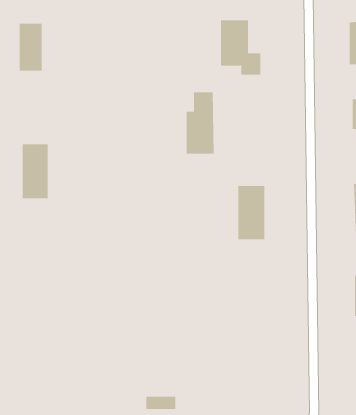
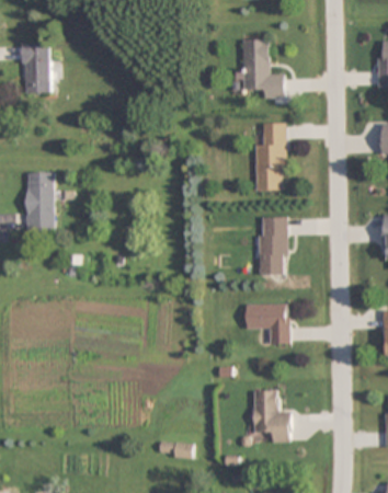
building: [186,92,215,154] -> [254,123,285,190]
building: none -> [244,303,288,344]
building: none -> [252,389,290,442]

